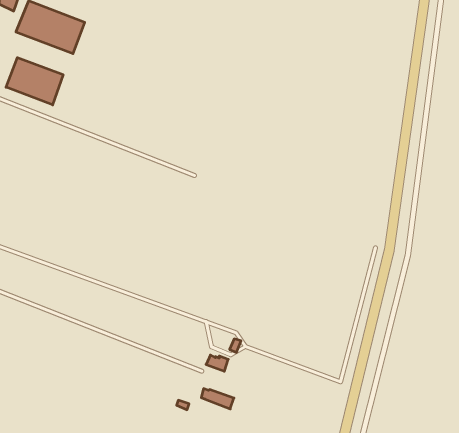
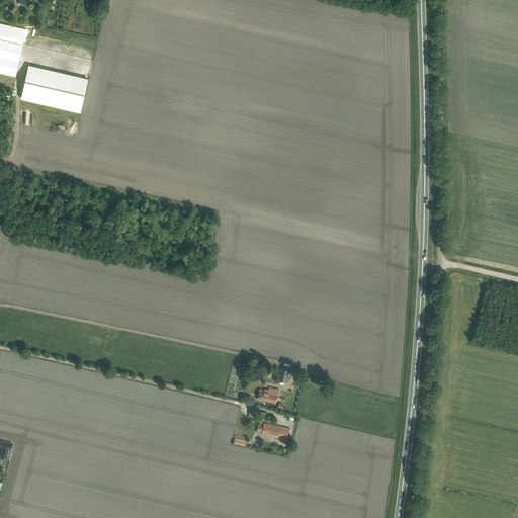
building: [6,58,63,105] -> none

